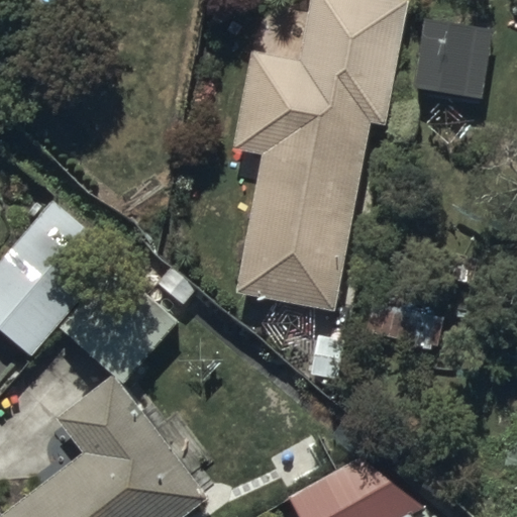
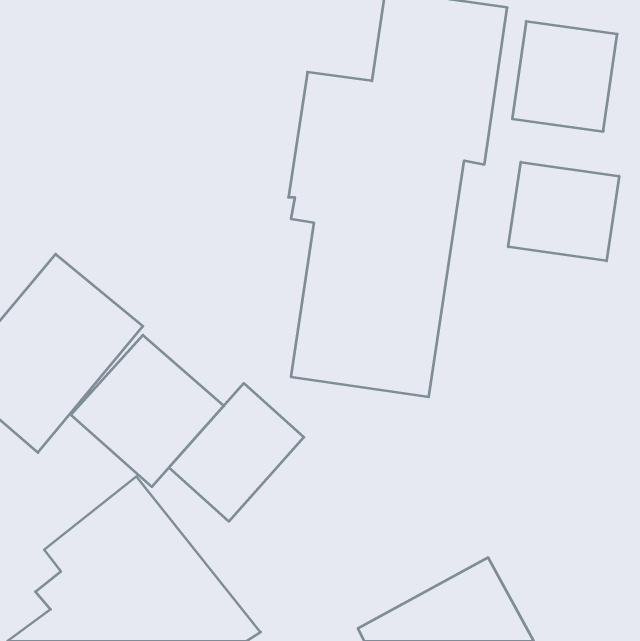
building: none -> [508,162,619,261]
building: none -> [169,383,304,521]

